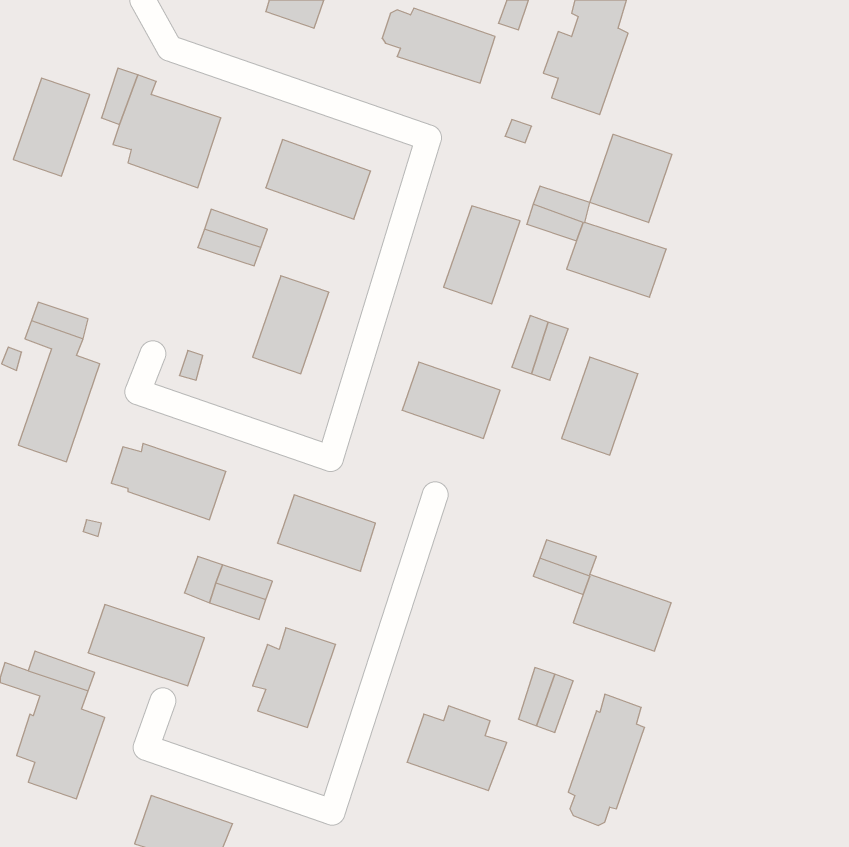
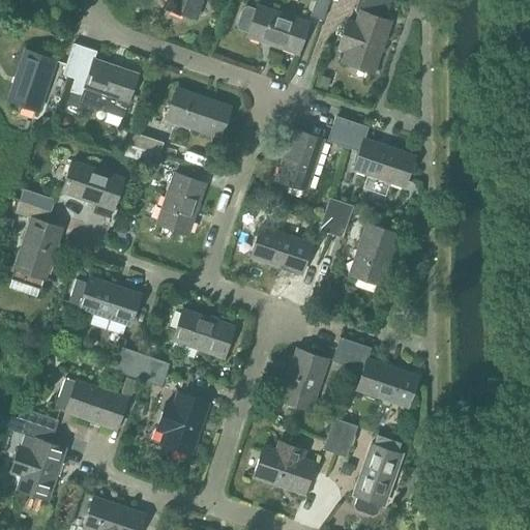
building: [590,134,672,223] -> none
building: none -> [62,161,124,209]
building: none -> [279,349,327,410]

